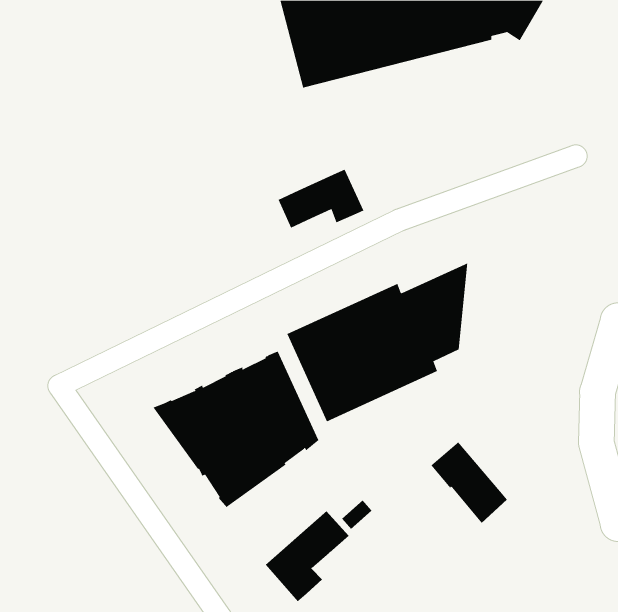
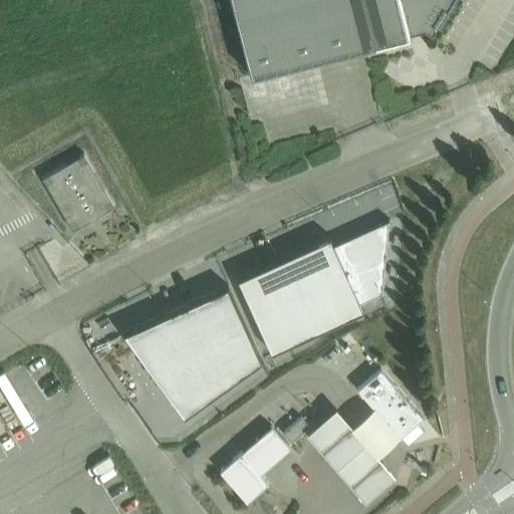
building: [278,169,364,229] -> none
building: none -> [41,154,113,233]
building: none -> [308,405,400,500]

